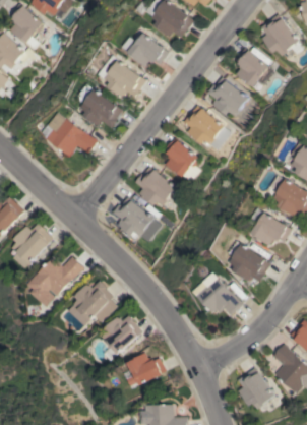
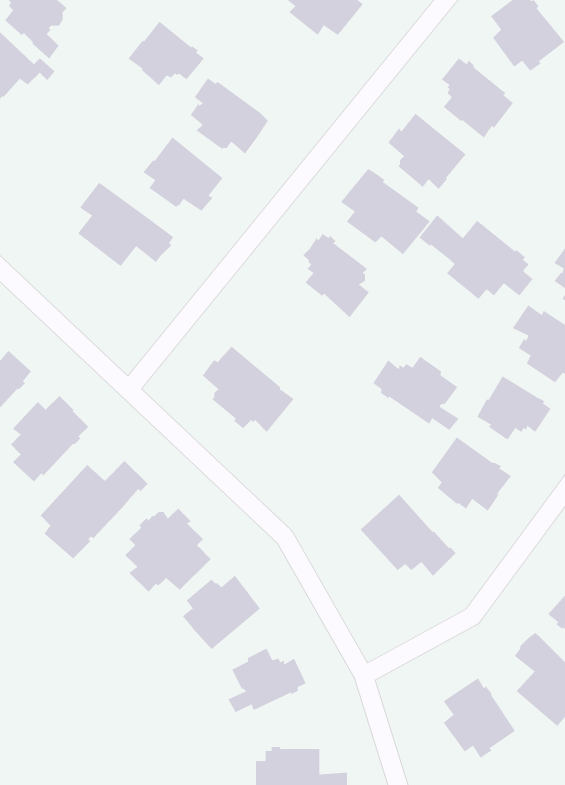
building: [130,34,170,67] -> [128,21,205,86]
building: none -> [418,214,534,300]
building: [134,167,175,206] -> none
building: none -> [372,356,459,431]

